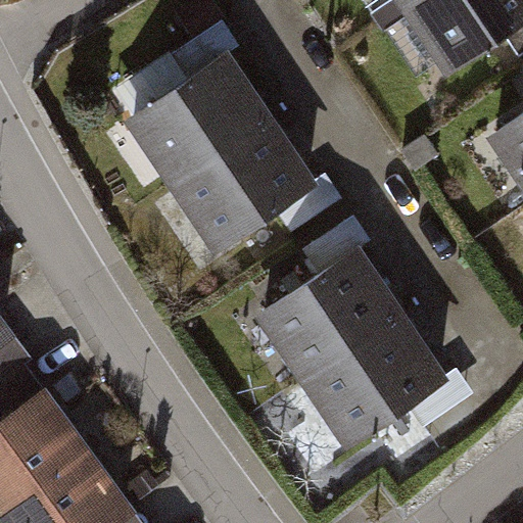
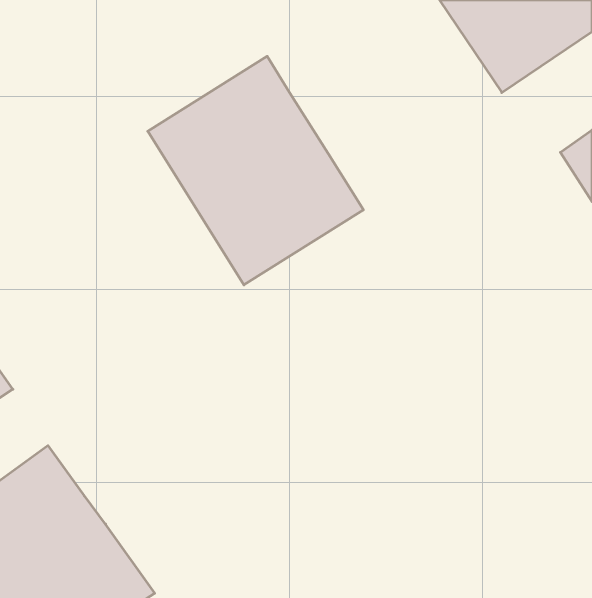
building: [255,249,444,446] -> none

